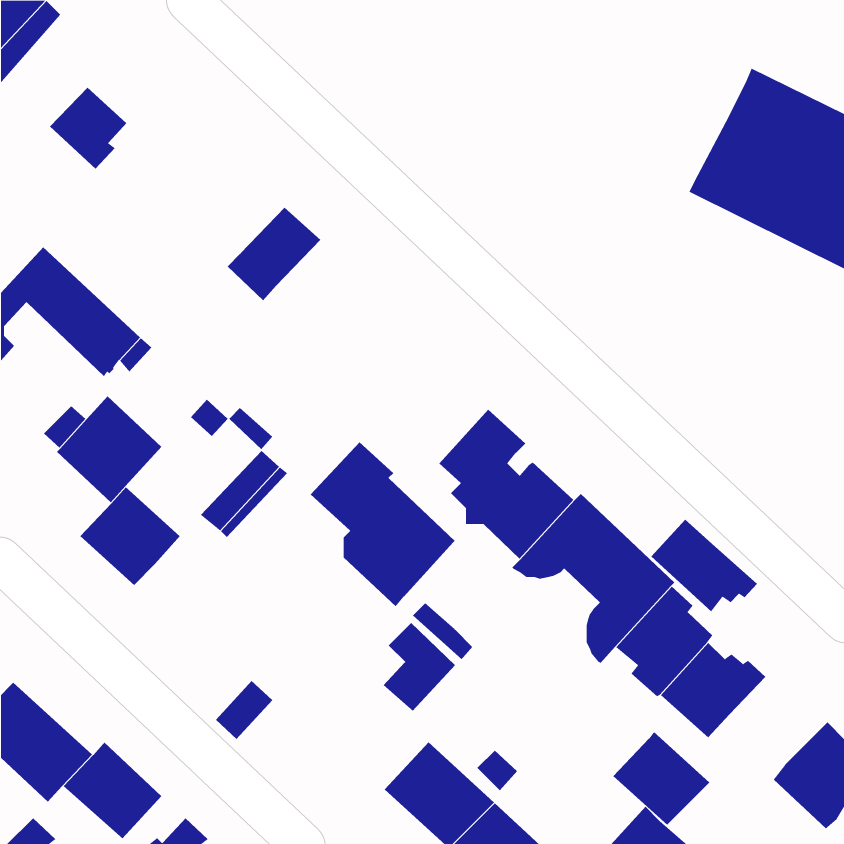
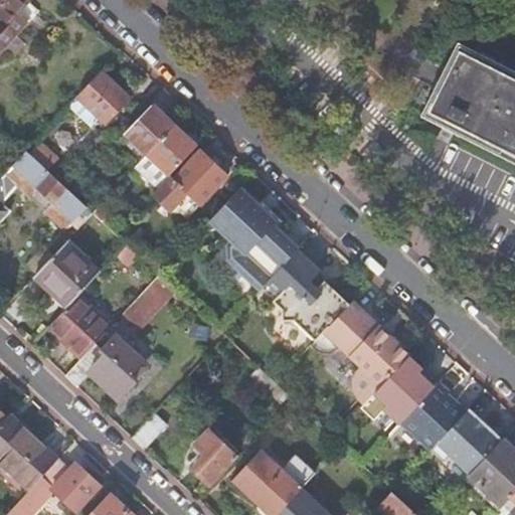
building: [49,87,127,170] -> [77,72,125,123]
building: none -> [125,106,174,155]
building: none -> [156,150,226,207]
building: [310,442,455,607] -> [210,188,299,289]
building: [650,519,758,612] -> none
building: none -> [64,335,142,398]
building: [383,622,456,712] -> [194,431,238,485]
building: [612,731,710,826] -> [445,408,504,466]

